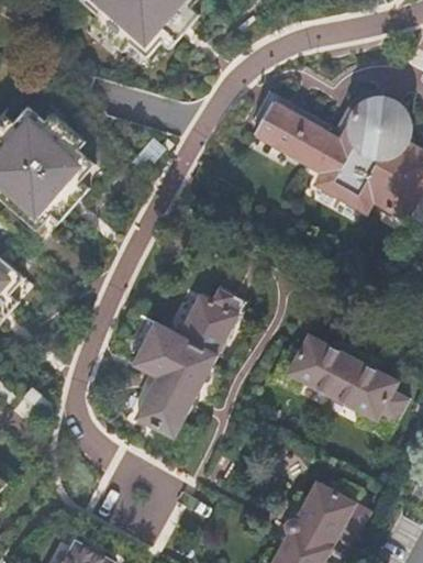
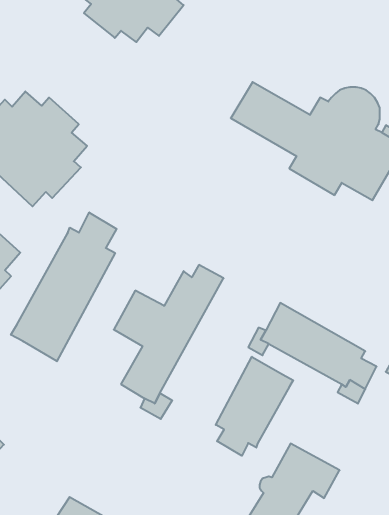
building: none -> [11,212,117,361]
building: none -> [216,357,293,456]

